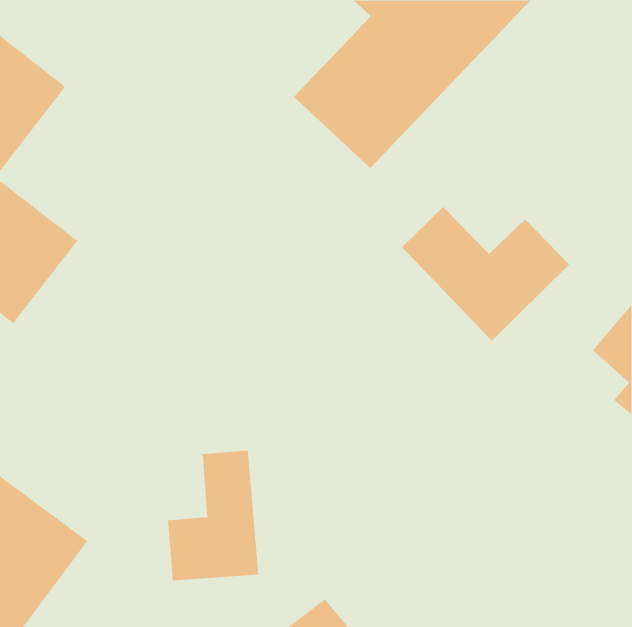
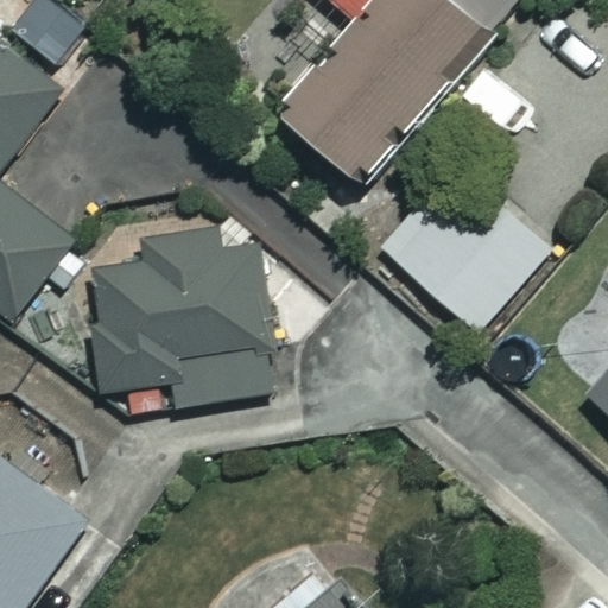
building: none -> [101,224,277,413]
building: [168,450,259,581] -> none

